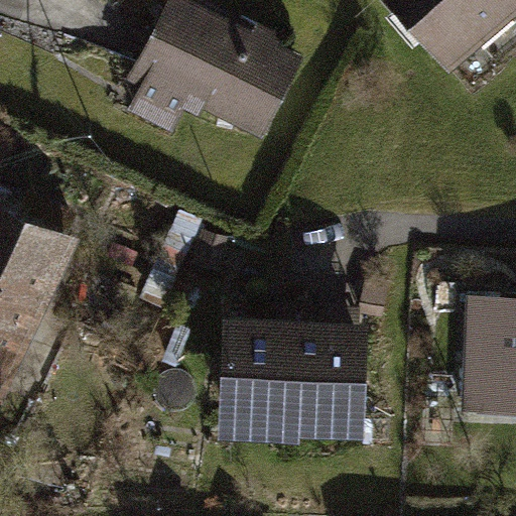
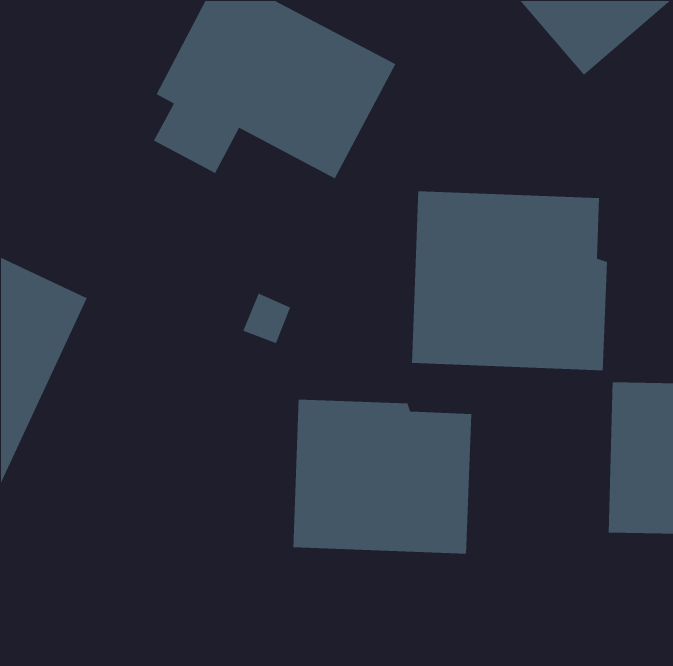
building: none -> [411,191,608,371]

